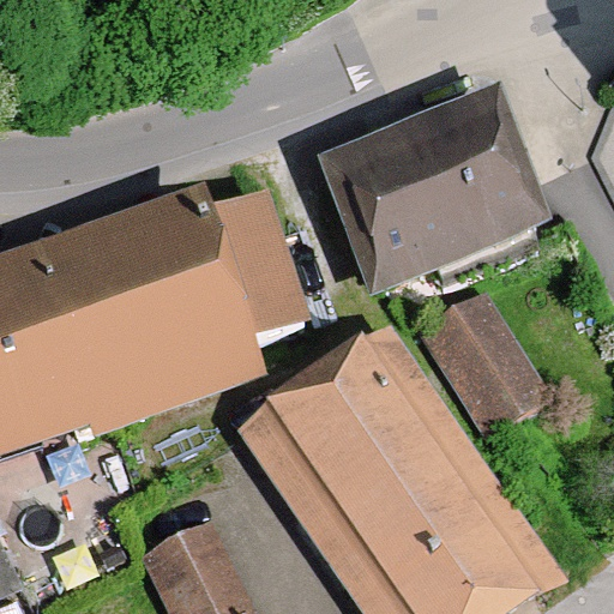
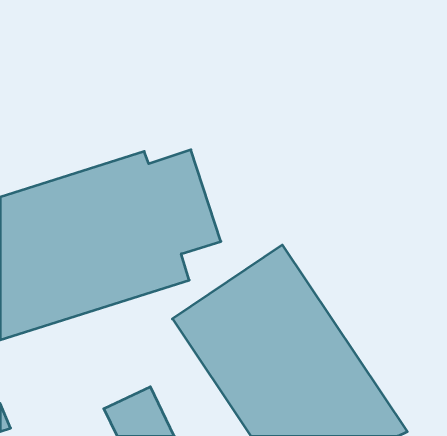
building: [320,102,540,296] -> none
building: [426,293,550,434] -> none

